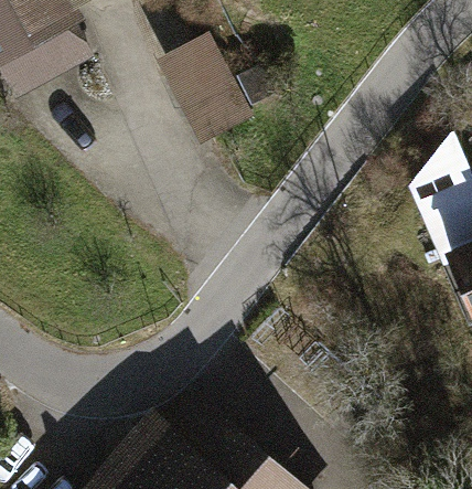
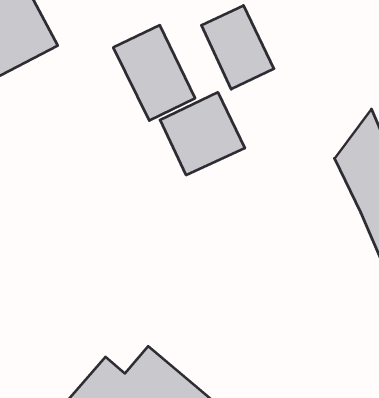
building: none -> [201,5,274,89]
building: none -> [160,92,245,175]

